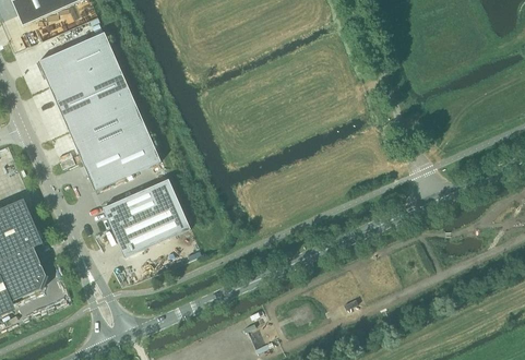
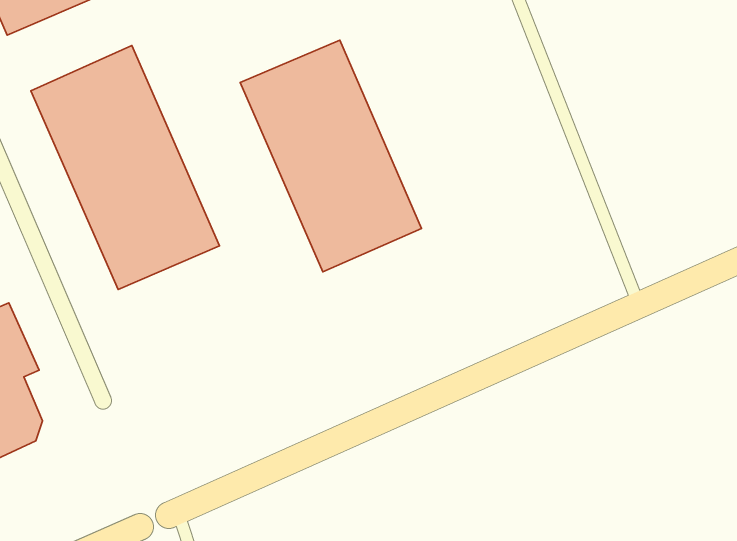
building: none -> [240,40,422,272]
building: [102,179,190,257] -> none

